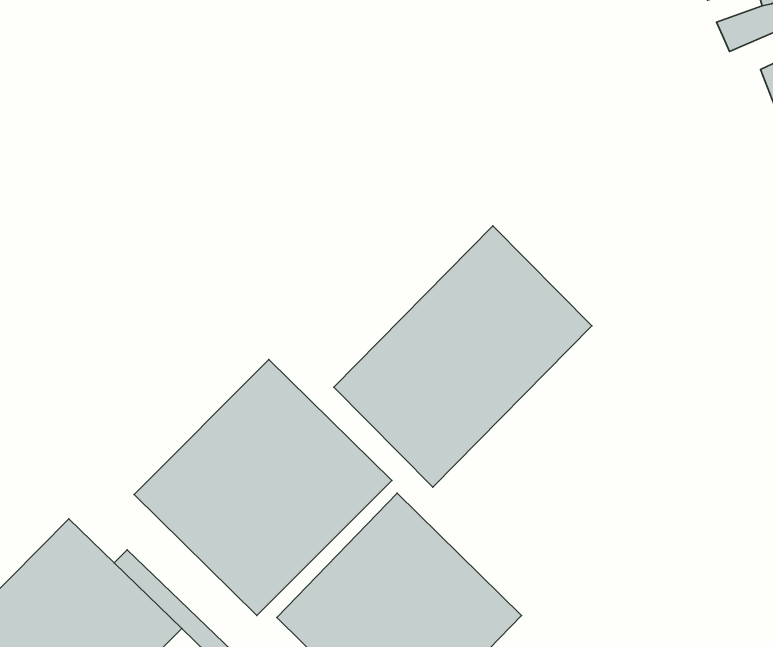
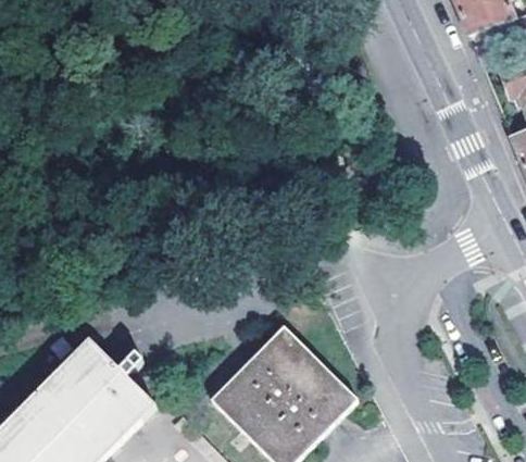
building: [334,226,592,487] -> none
building: [134,360,392,616] -> none

